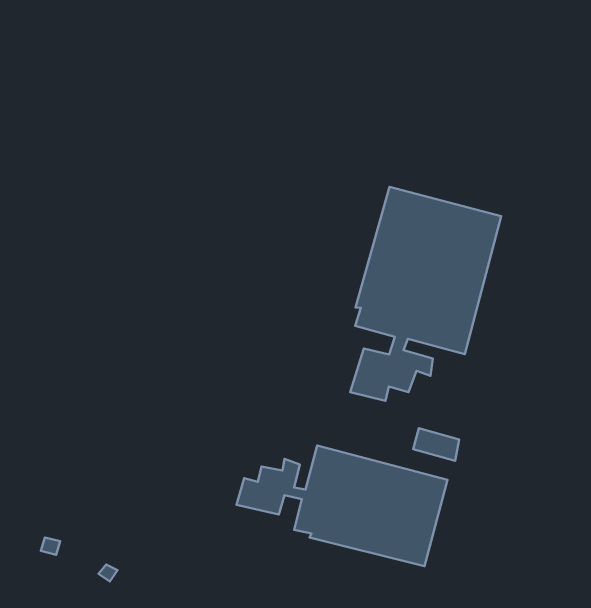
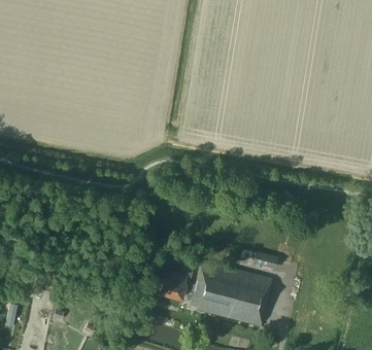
building: [350,187,501,401] -> none

